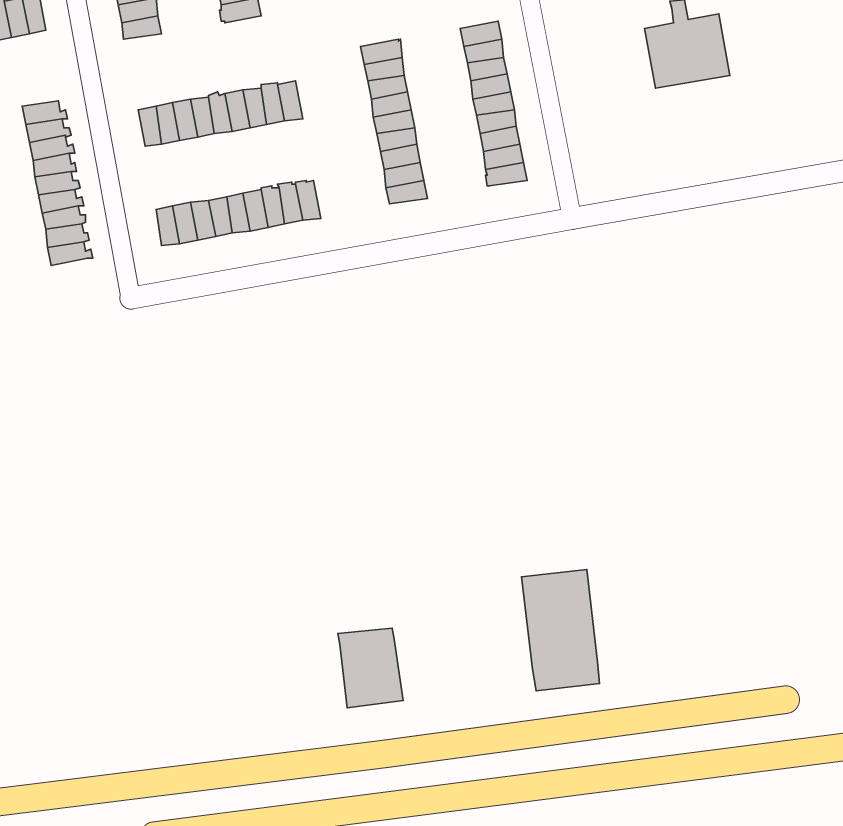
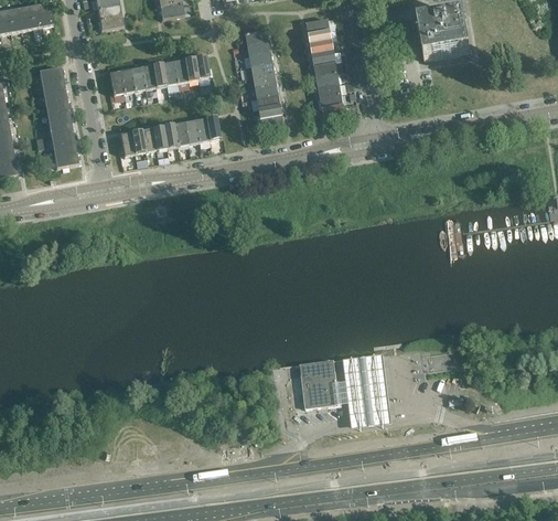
building: [338,628,403,708] -> [299,359,339,407]

